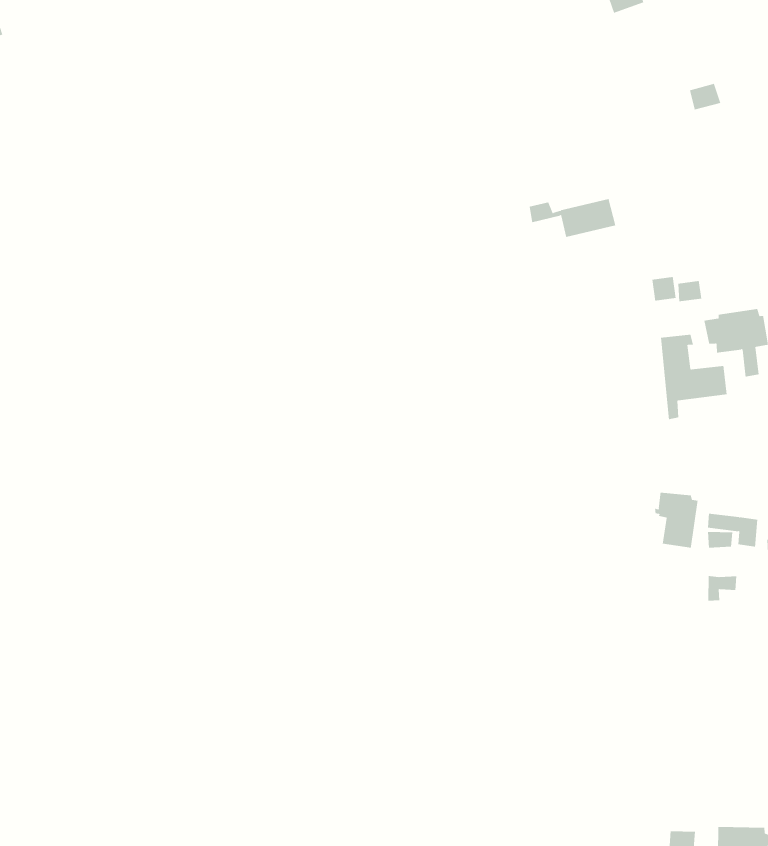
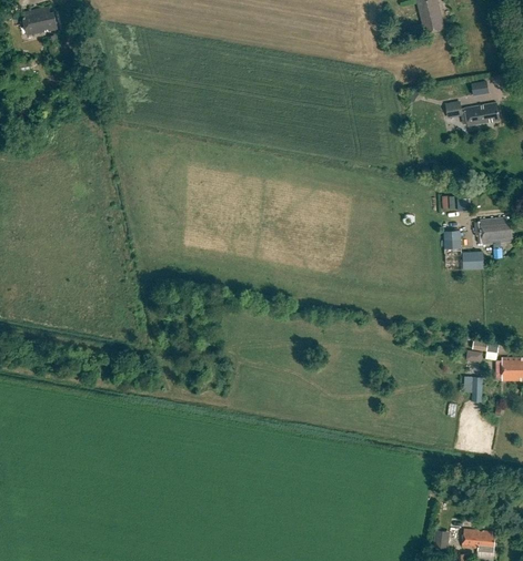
building: [529,198,616,238] -> [445,103,497,125]
building: [655,492,698,548] -> none

